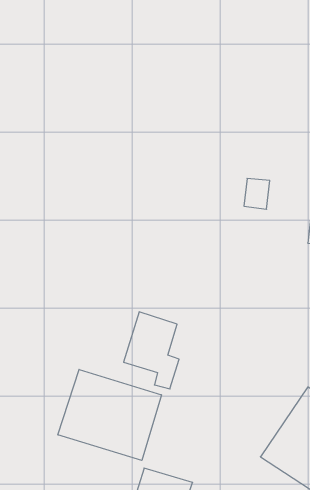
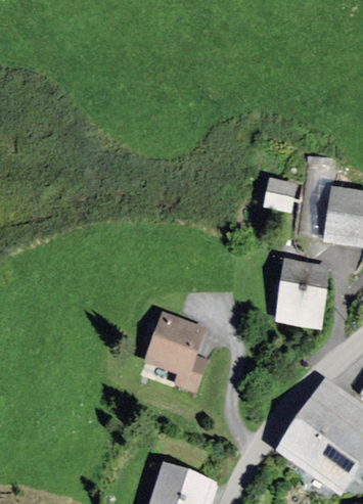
building: none -> [278,261,326,325]
building: [58,369,161,460] -> none

